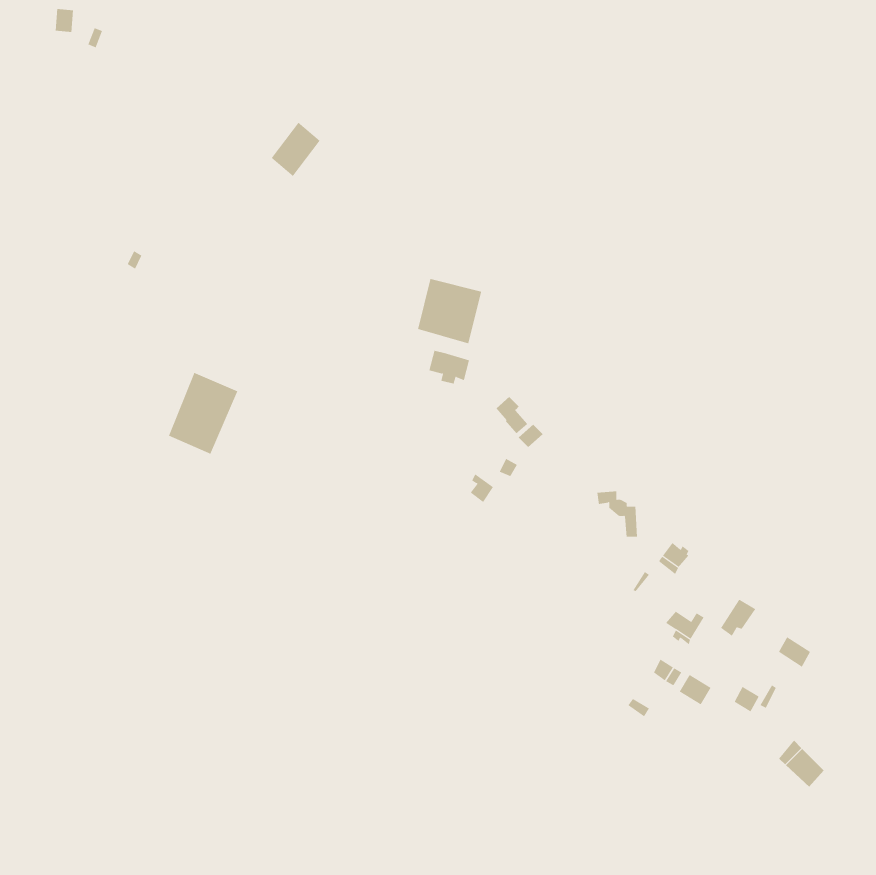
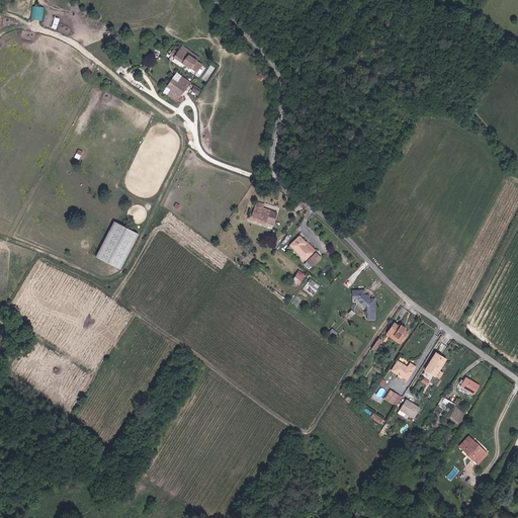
building: none -> [171,46,201,73]
building: [417,278,482,344] -> none

